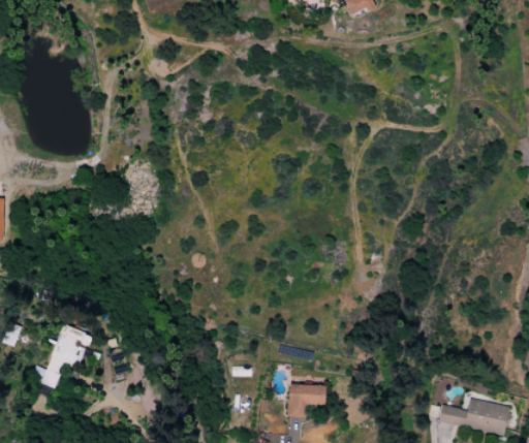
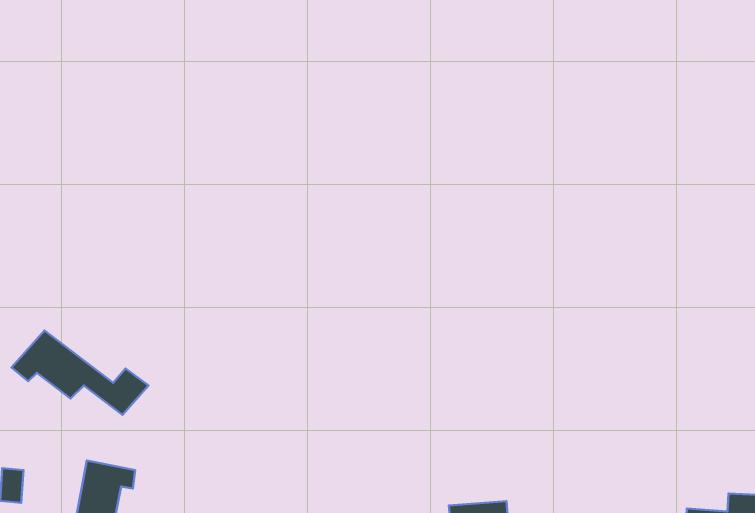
building: none -> [12,330,149,415]

